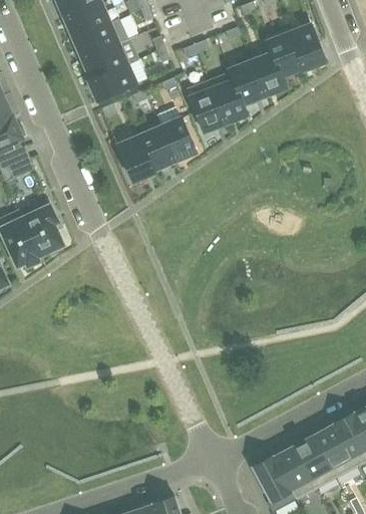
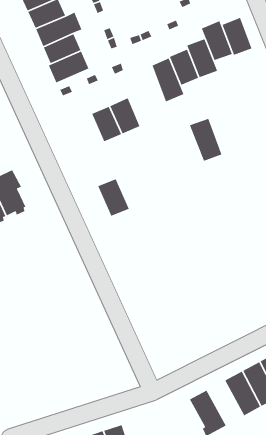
building: [186,80,225,132] -> [189,118,223,162]
building: [116,137,154,182] -> [97,178,130,217]
building: [273,446,316,499] -> none

